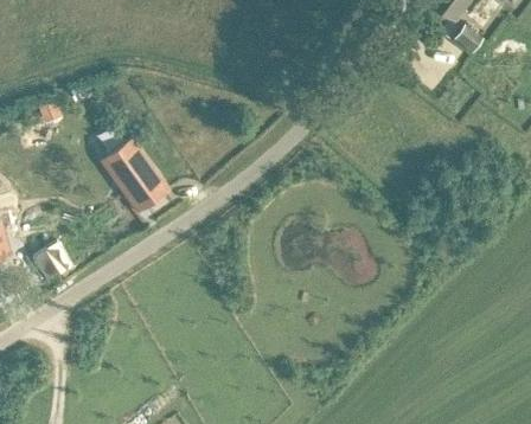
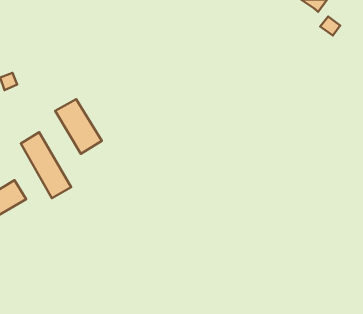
building: none -> [21,132,71,198]

